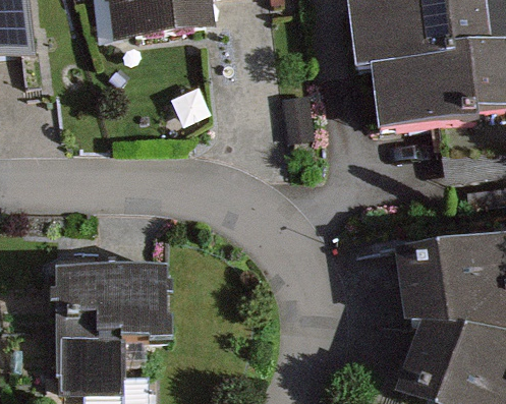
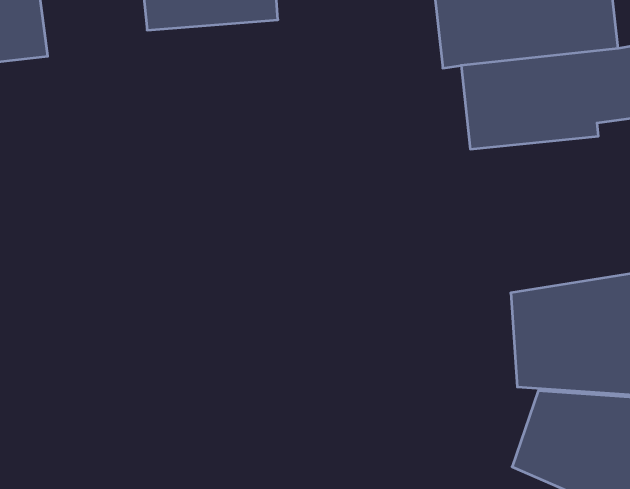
building: [61,269,169,388] -> none

